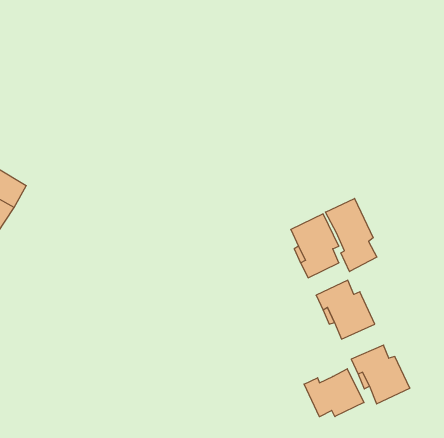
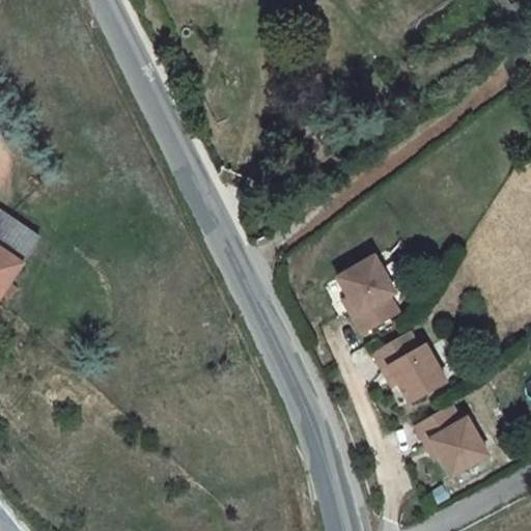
building: [325,198,377,272] -> none
building: [304,369,364,417] -> none

